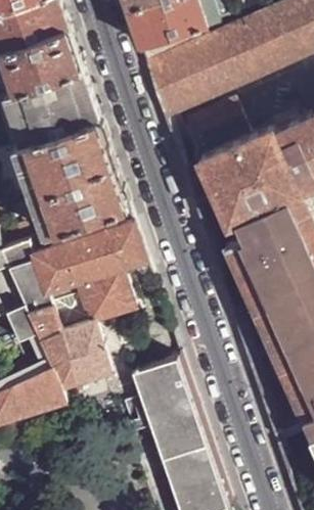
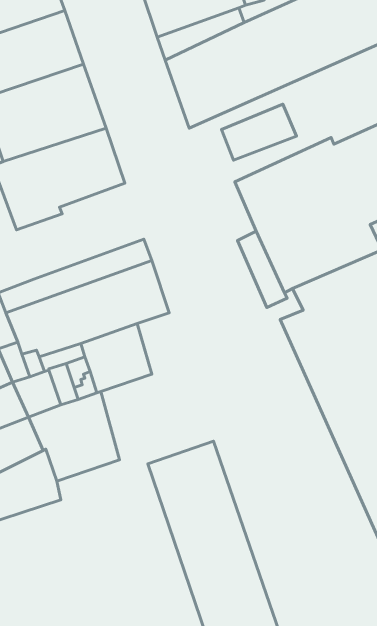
building: [32,163,129,236] -> none

